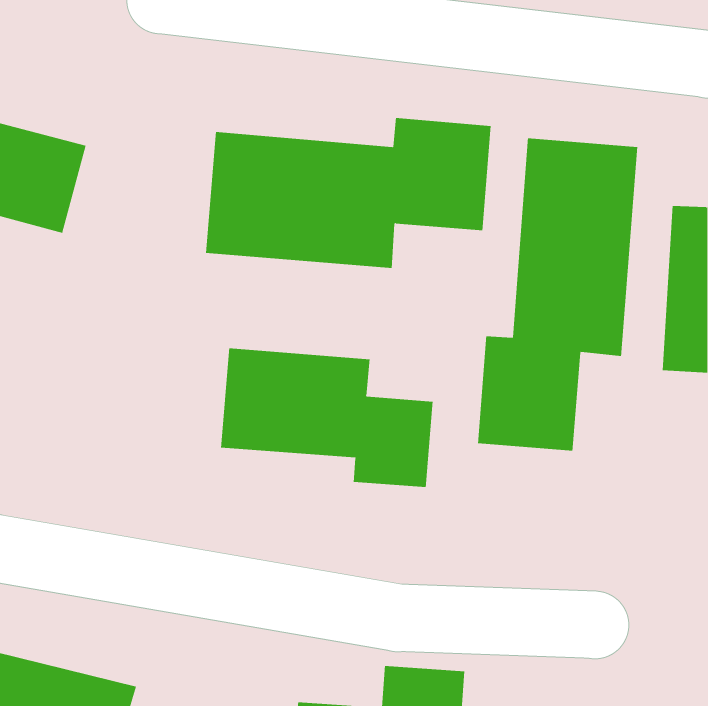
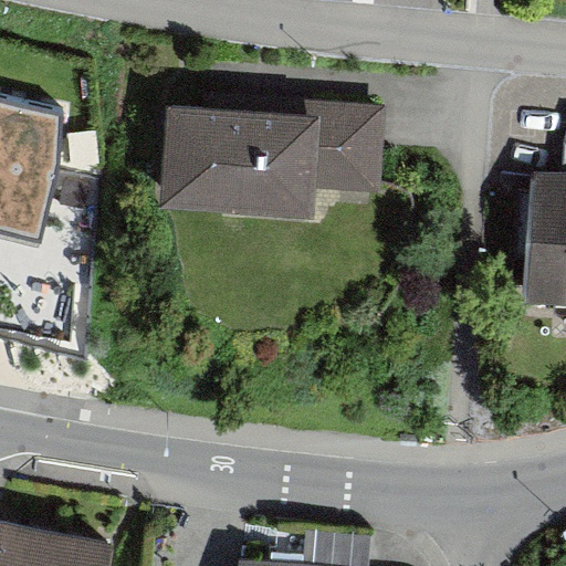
building: [478,138,638,451] -> none
building: [221,348,433,488] -> none

